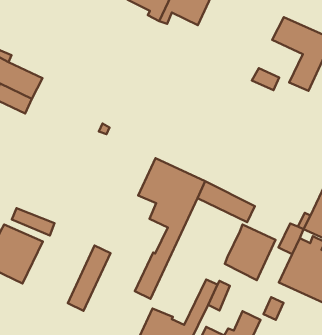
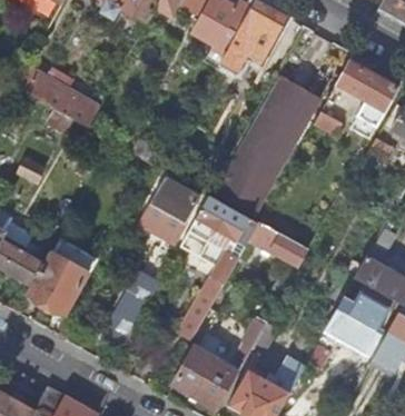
building: none -> [216,78,317,212]
building: none -> [139,178,198,242]
building: [225,224,275,280] -> none

